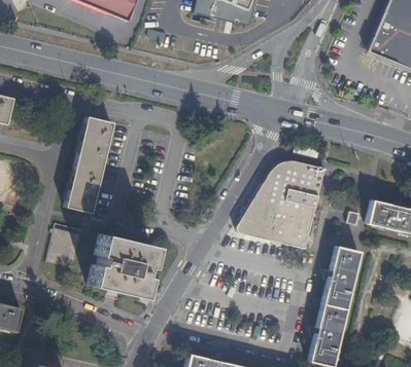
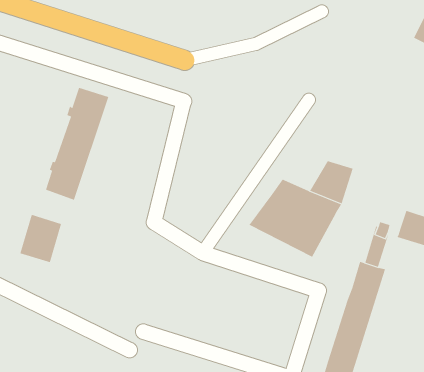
building: [266,160,303,189] -> none
building: [237,198,318,249] -> none
building: [88,233,152,297] -> none

